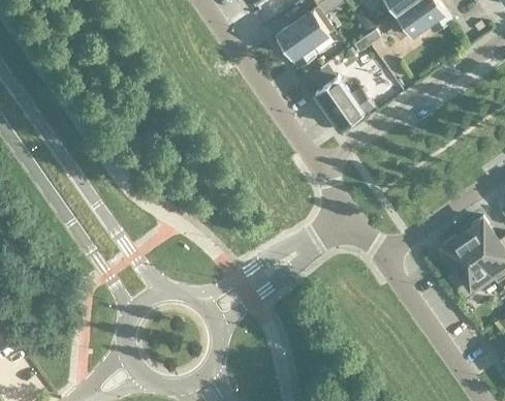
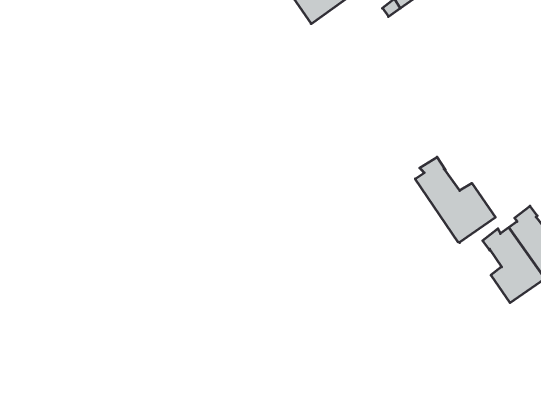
building: [315,76,374,129] -> none
building: none -> [415,157,495,243]

